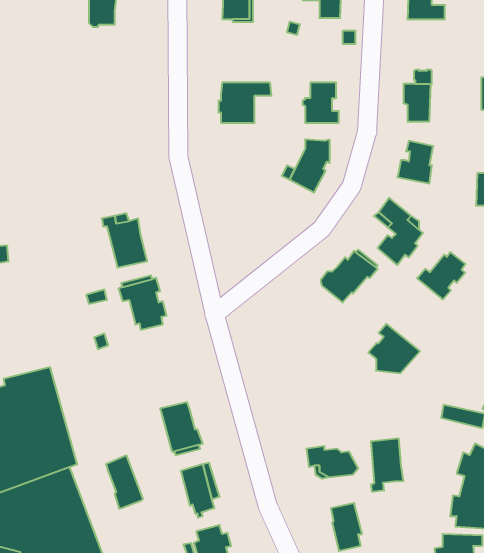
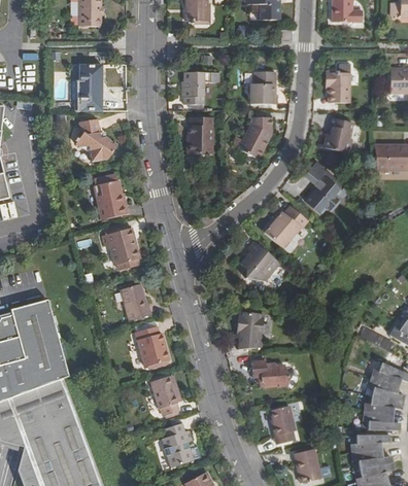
building: none -> [76,64,103,99]
building: none -> [186,118,211,154]
building: none -> [74,119,115,162]
building: [417,252,466,299] -> none
building: [368,324,420,373] -> [239,242,280,281]
building: none -> [120,283,150,320]
building: none -> [237,312,265,349]
building: [371,438,403,492] -> none
building: [106,455,143,509] -> none

